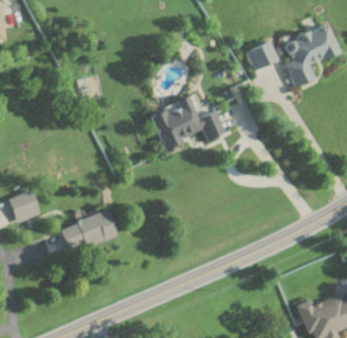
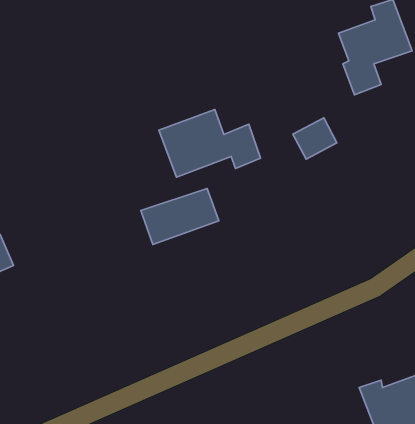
building: [246,40,279,71] -> [293,118,337,159]
building: [59,211,117,253] -> [141,188,219,244]

